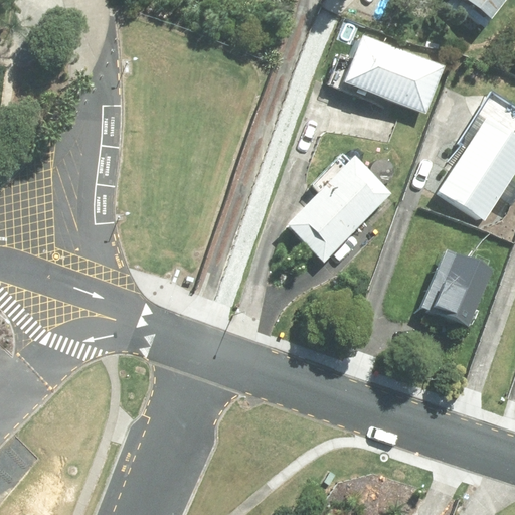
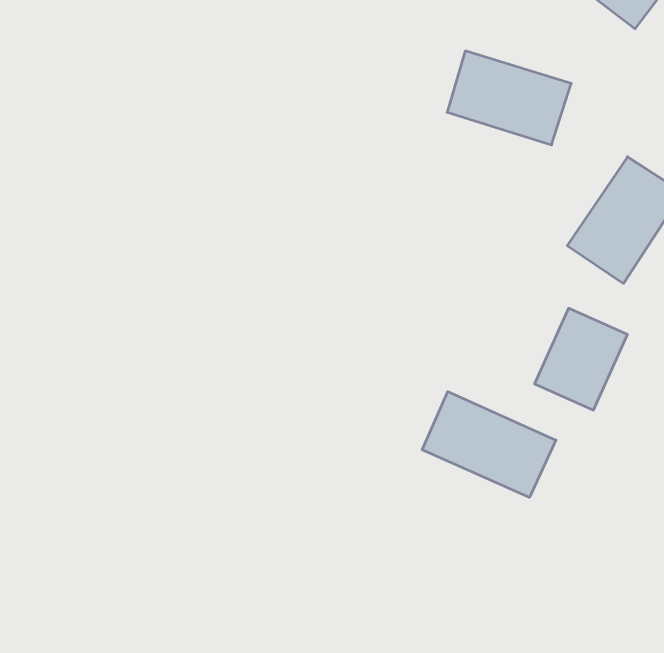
building: [288,159,390,261] -> none
building: none -> [422,392,556,497]

